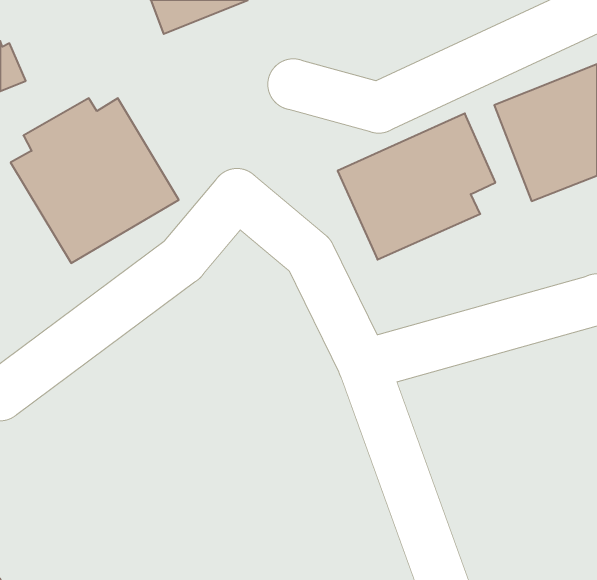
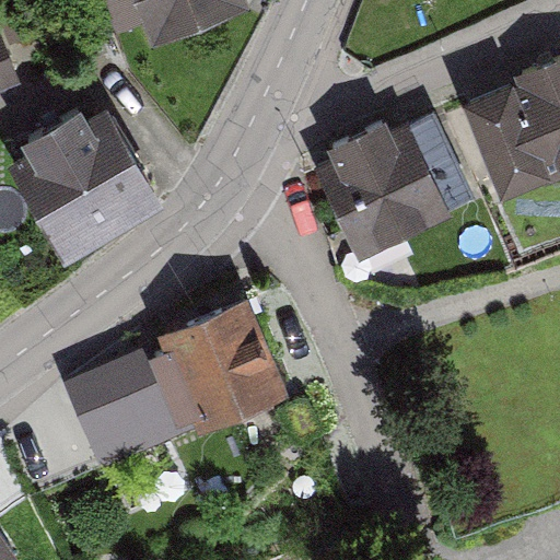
building: none -> [159,300,291,433]
building: none -> [58,347,178,459]

